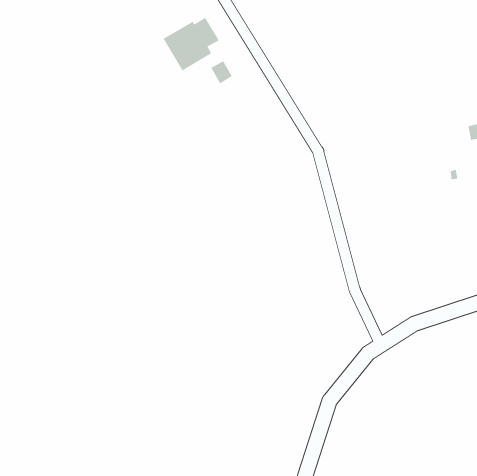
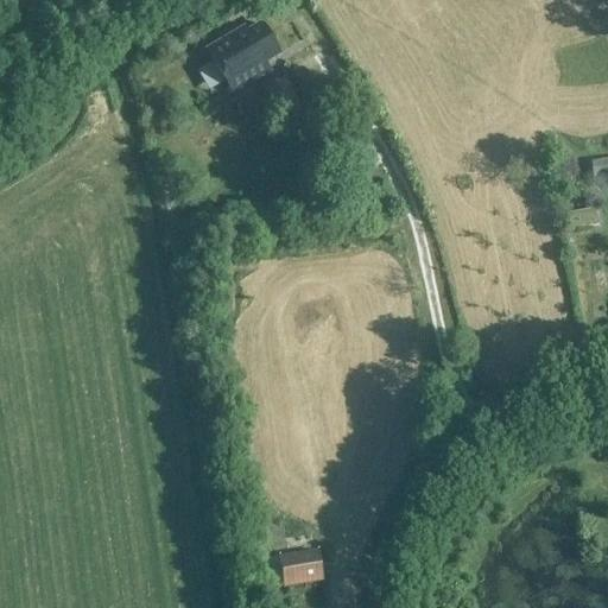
building: none -> [268,549,324,587]

